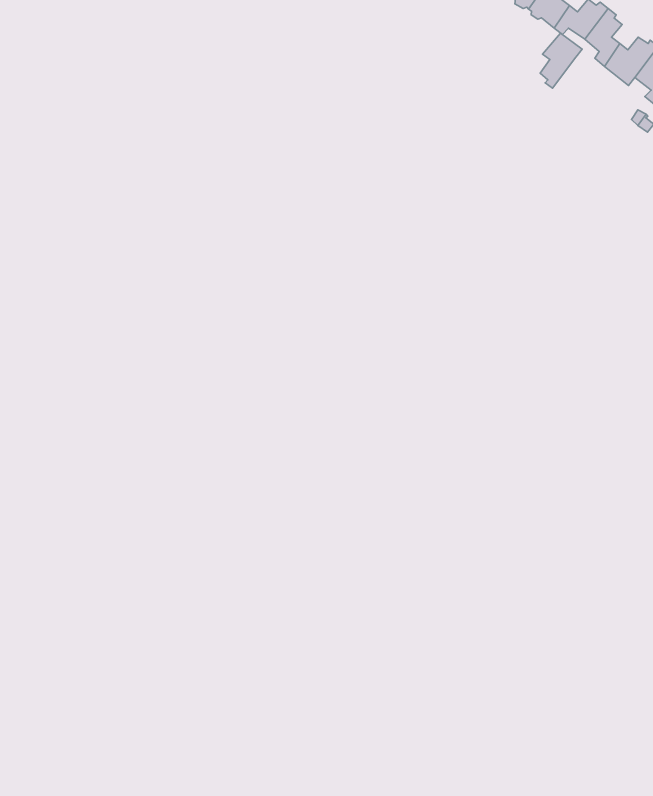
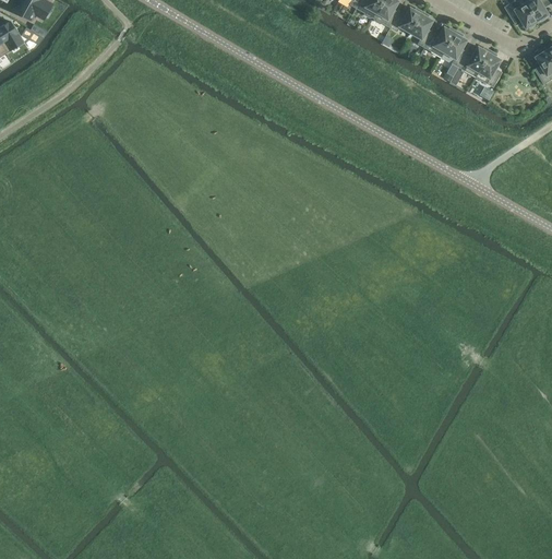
building: [540,33,582,88] -> none

